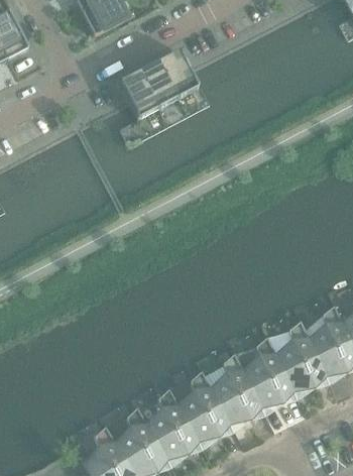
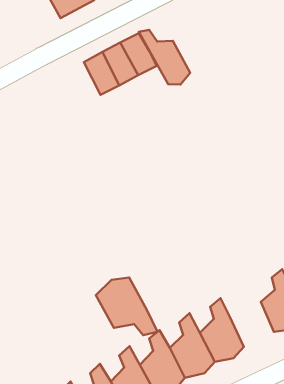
building: none -> [139,30,190,85]
building: none -> [96,278,157,335]
building: [266,321,324,389] -> none

